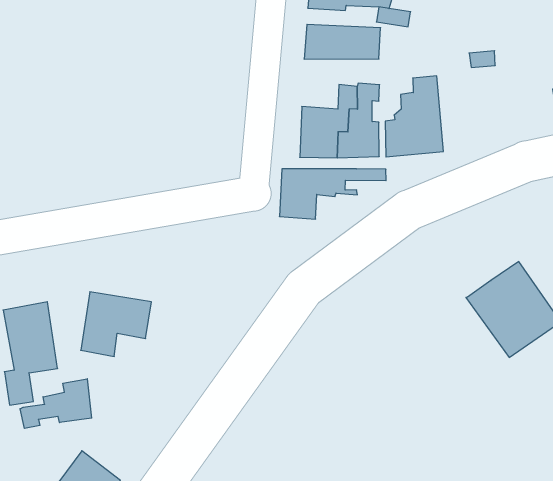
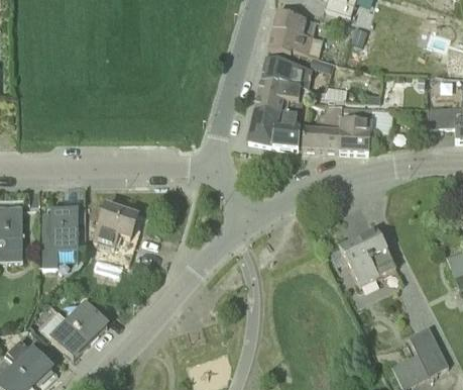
building: none -> [338,102,372,151]
building: [279,169,386,219] -> [254,79,325,113]
building: [20,379,92,428] -> none

